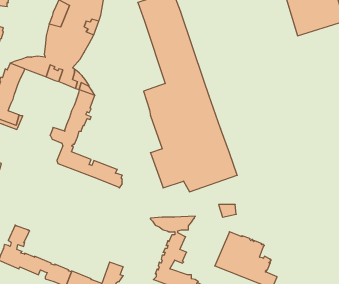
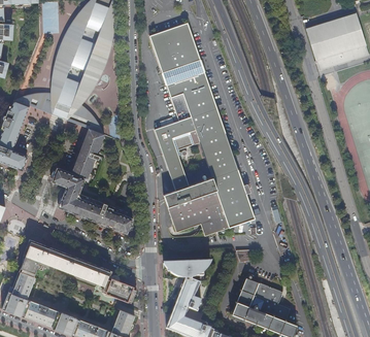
building: none -> [51,166,129,234]
building: none -> [21,240,136,301]

